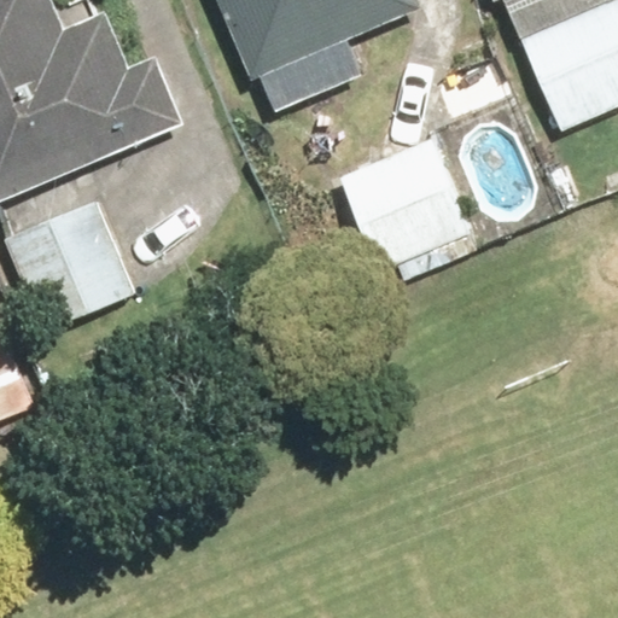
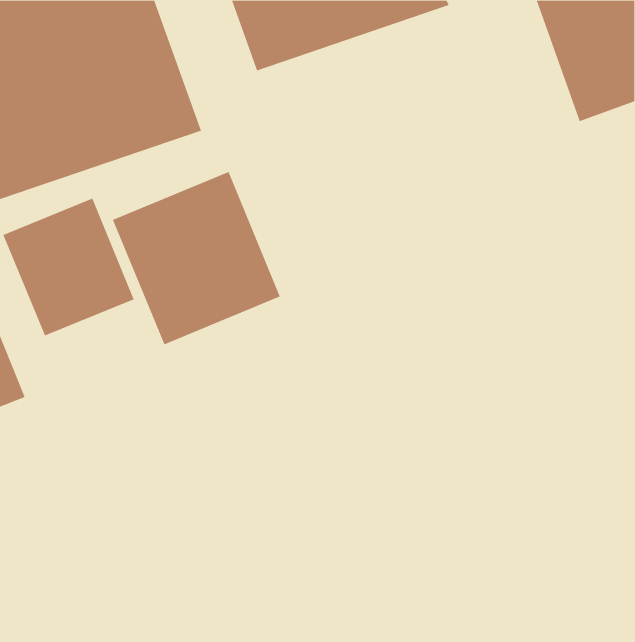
building: [345,122,503,251] -> none
building: none -> [112,171,281,345]

